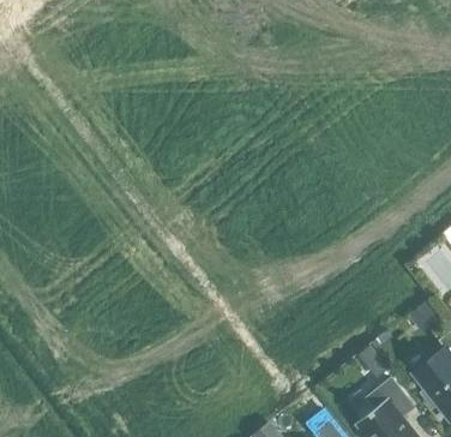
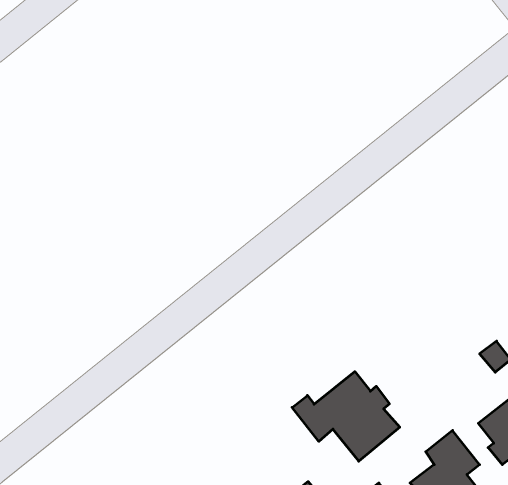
building: none -> [292,372,400,461]

